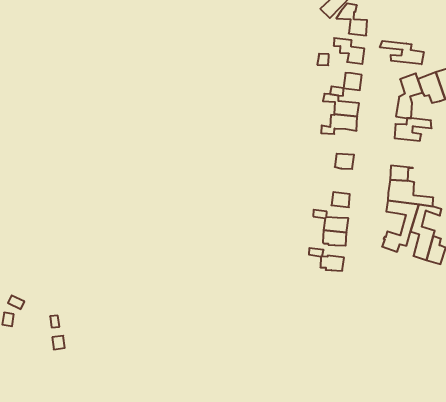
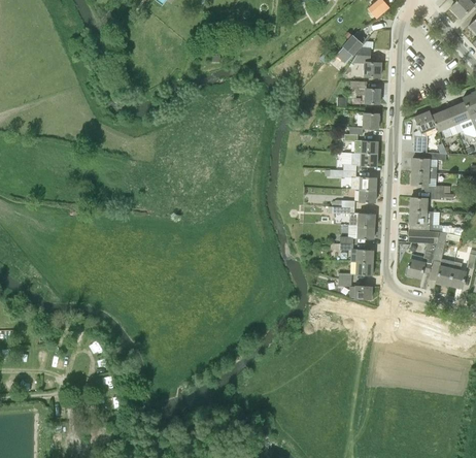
building: [380,41,424,64] -> none
building: none -> [343,170,375,189]
building: none -> [411,171,450,192]
building: none -> [328,205,374,226]

